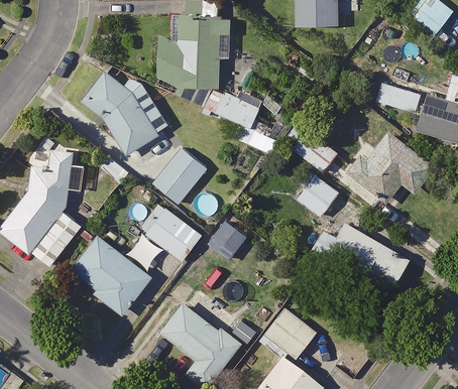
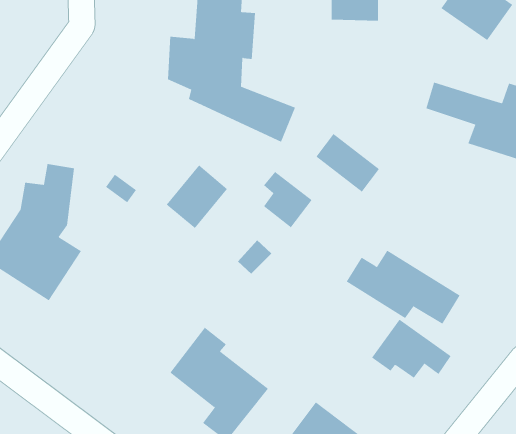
building: [81,74,159,156] -> none
building: [346,132,436,204] -> none
building: [297,169,339,219] -> [263,171,312,228]
building: [145,209,203,263] -> none
building: [71,236,152,316] -> none
building: [259,308,329,360] -> [371,319,452,378]

